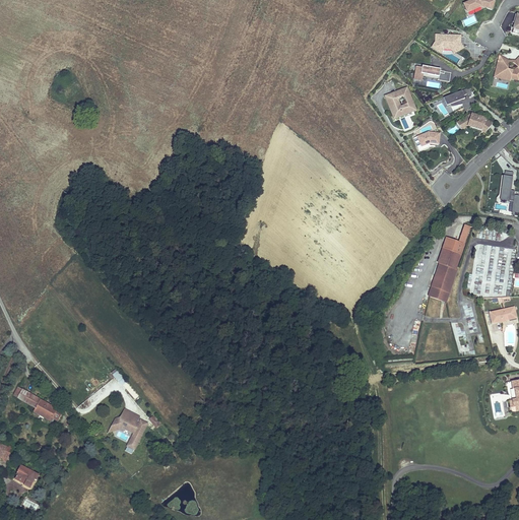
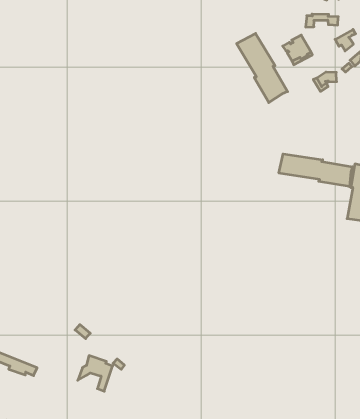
building: none -> [237,33,288,103]
building: none -> [279,154,352,187]

